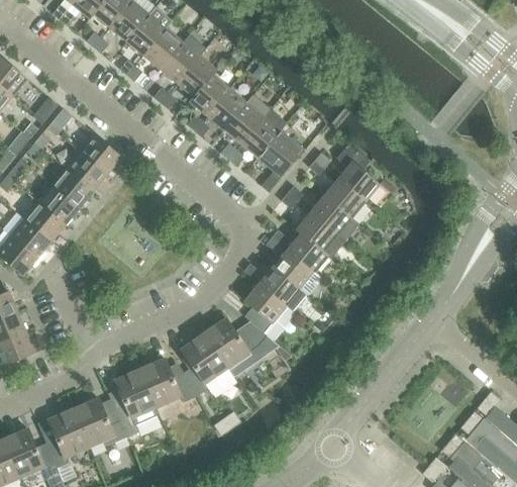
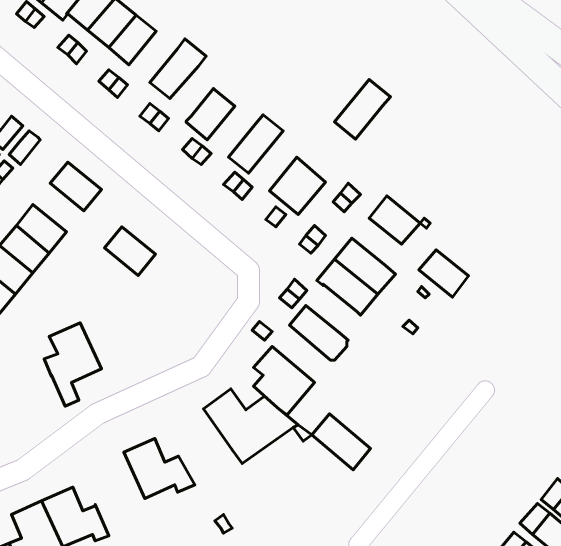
building: [143,27,183,69] -> none
building: [177,56,217,96] -> none
building: [207,88,246,129] -> none
building: [240,108,286,157] -> [334,79,390,139]
building: [66,151,107,190] -> [104,227,156,275]
building: [324,179,365,217] -> [419,250,469,297]
building: [287,232,328,272] -> none
building: [260,266,307,311] -> [312,414,370,470]
building: [181,333,235,395] -> none
building: [110,369,157,436] -> [44,323,101,406]

